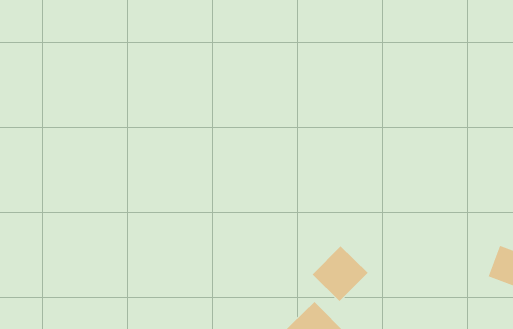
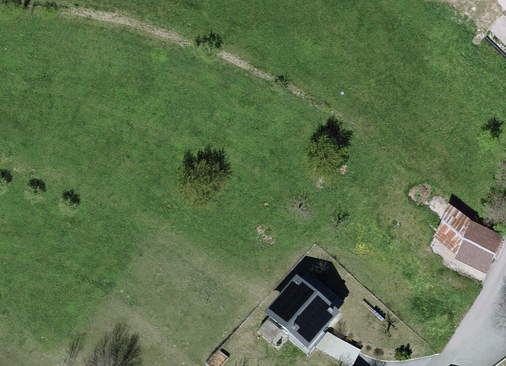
building: [312,245,368,302] -> none

